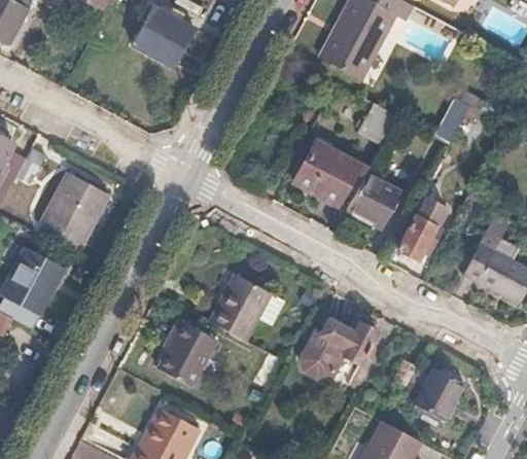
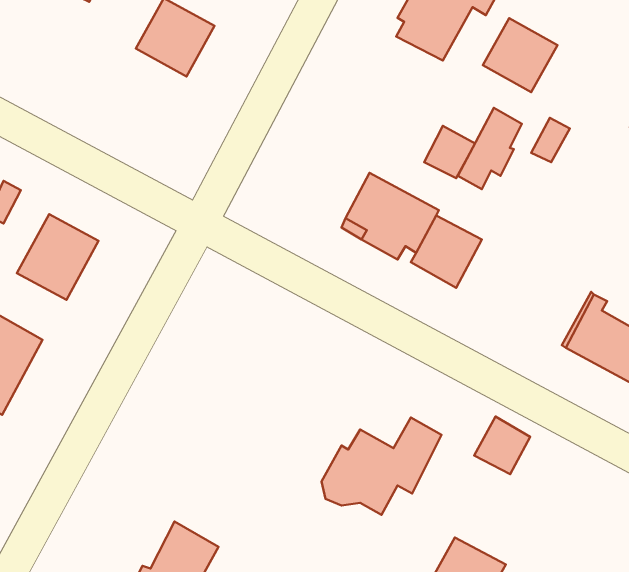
building: none -> [483,18,557,92]
building: [323,35,372,78] -> none
building: [397,198,447,260] -> [458,108,522,189]
building: [207,275,288,342] -> none
building: [157,318,216,385] -> none
building: [417,368,460,413] -> [474,417,530,474]

